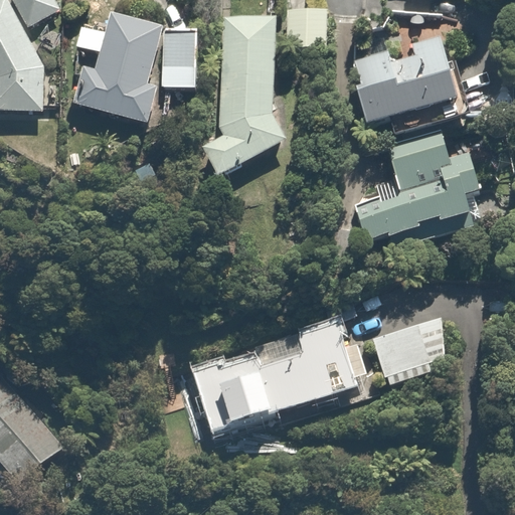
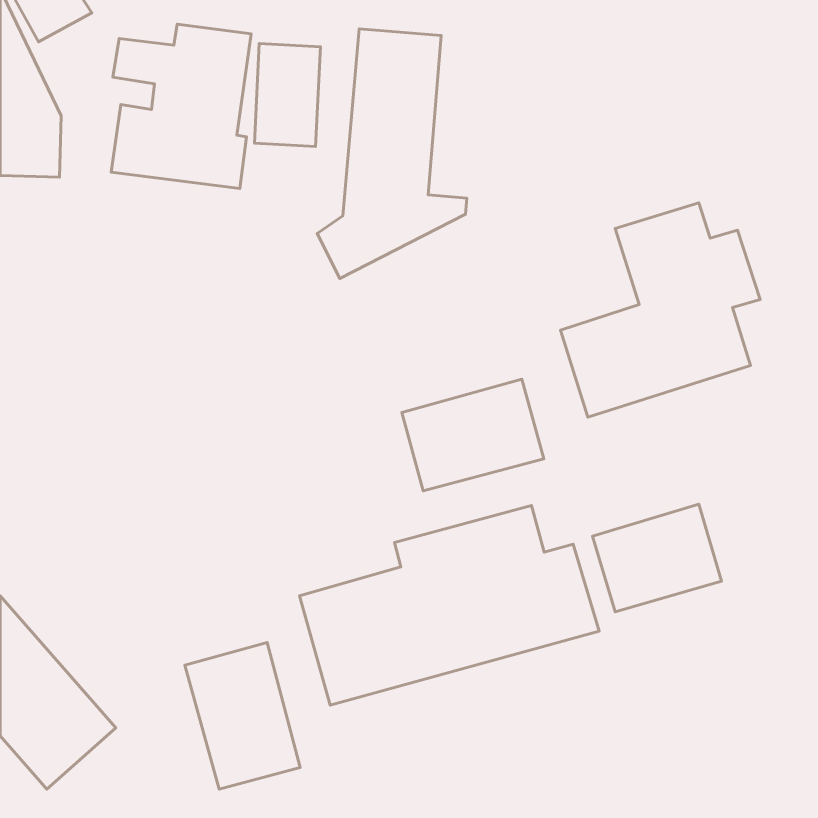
building: [353,32,453,121] -> none
building: none -> [402,379,544,491]
building: none -> [185,643,300,789]

